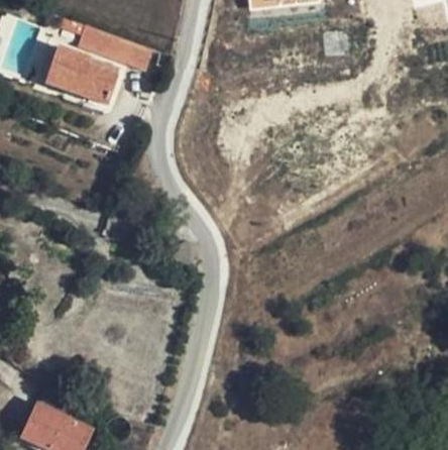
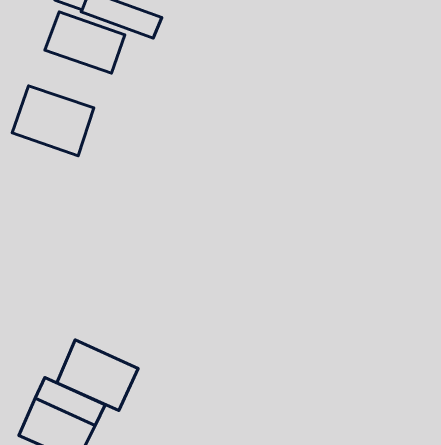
building: none -> [12,86,94,156]
building: none -> [57,340,138,411]

